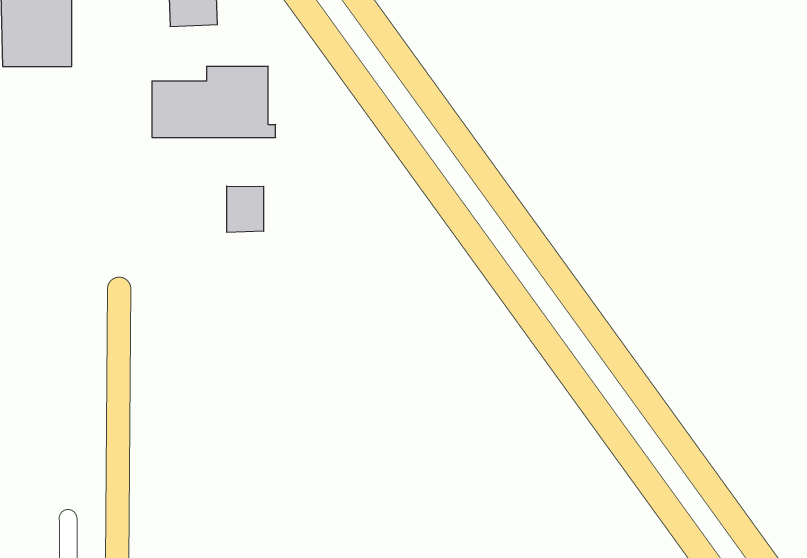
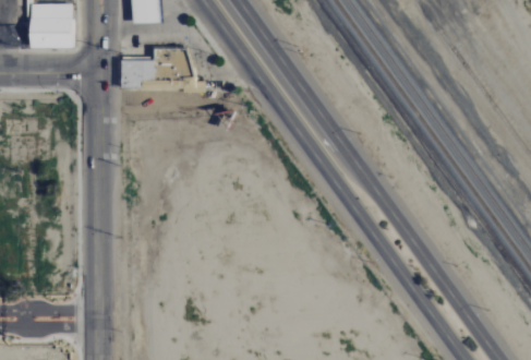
building: [227,186,264,232] -> none

